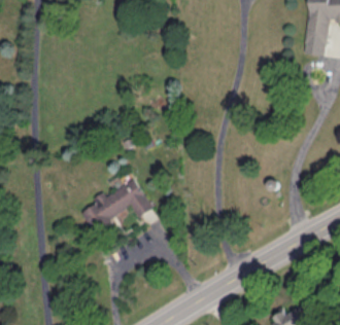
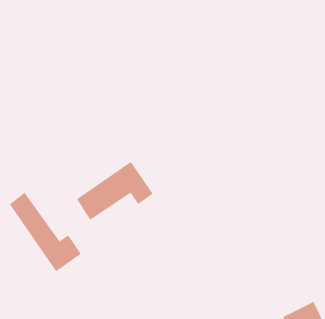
building: none -> [9,192,82,272]

